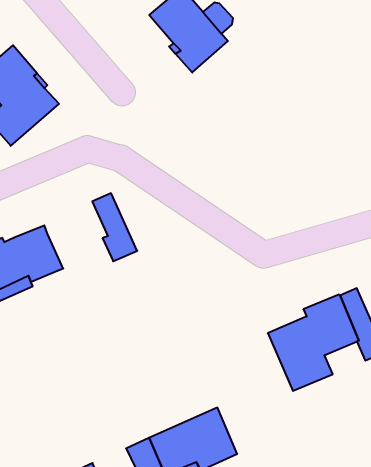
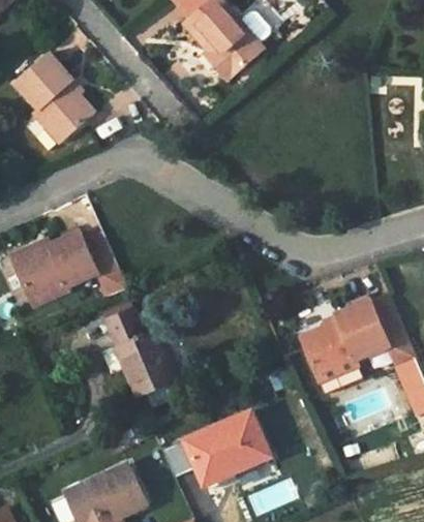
building: [92,193,137,261] -> [83,229,127,297]
building: none -> [104,304,182,406]

